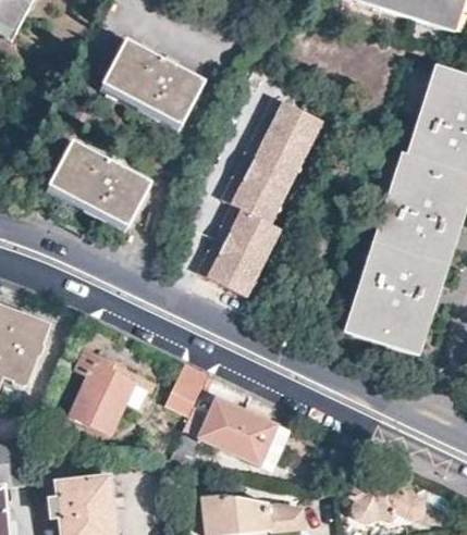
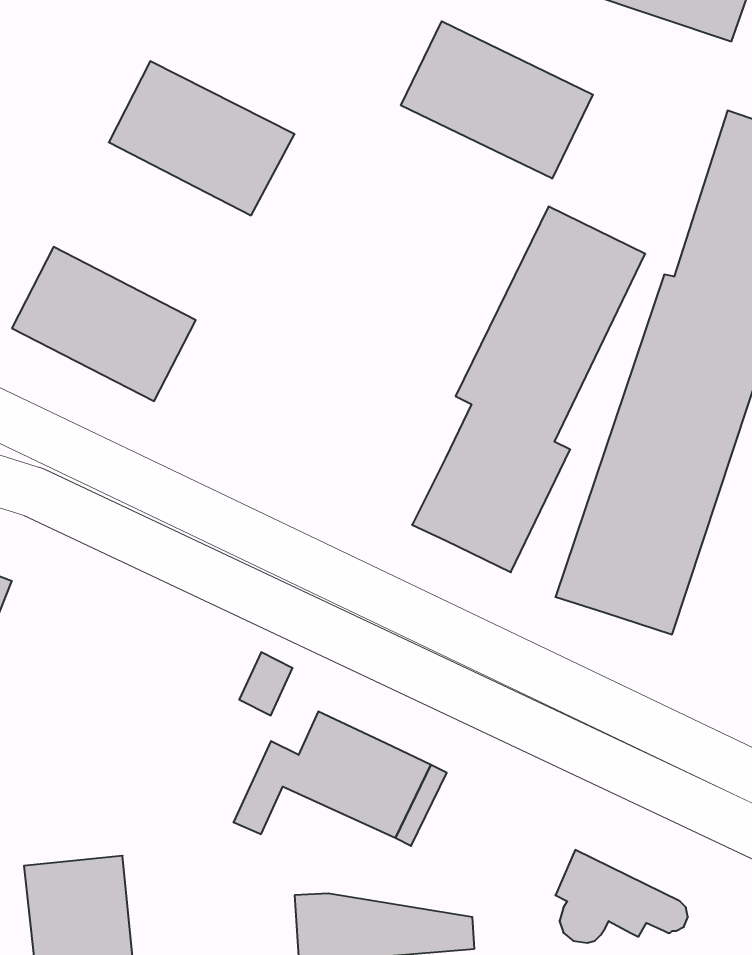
building: none -> [401,21,593,179]
building: [198,95,327,296] -> [412,207,645,572]
building: [67,347,136,435] -> none

